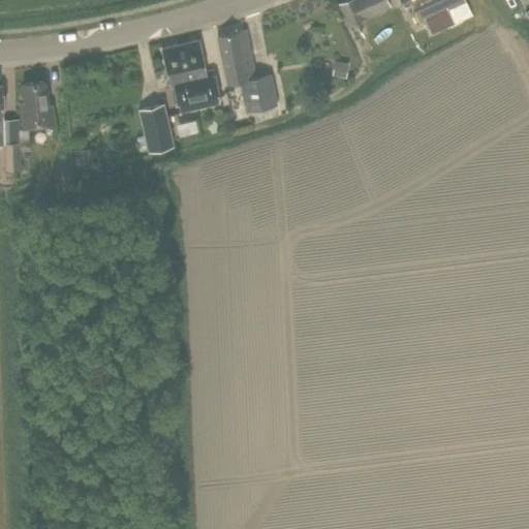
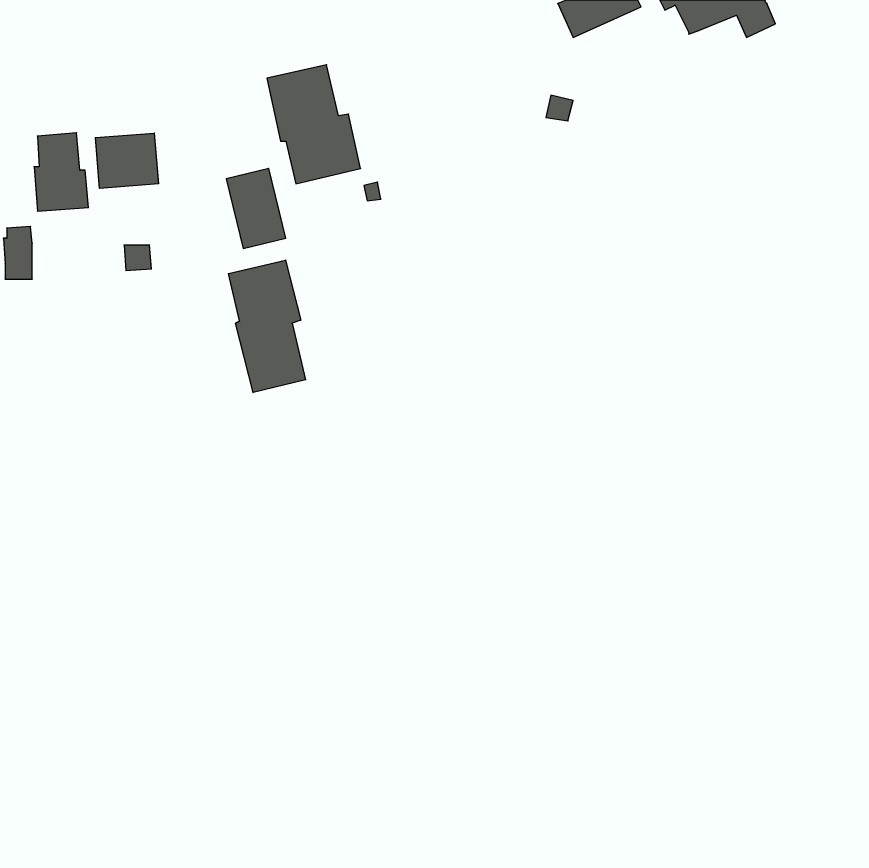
building: [217,29,276,112] -> none
building: none -> [95,133,158,188]
building: none -> [228,260,306,393]

